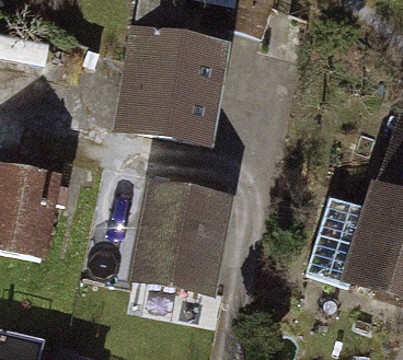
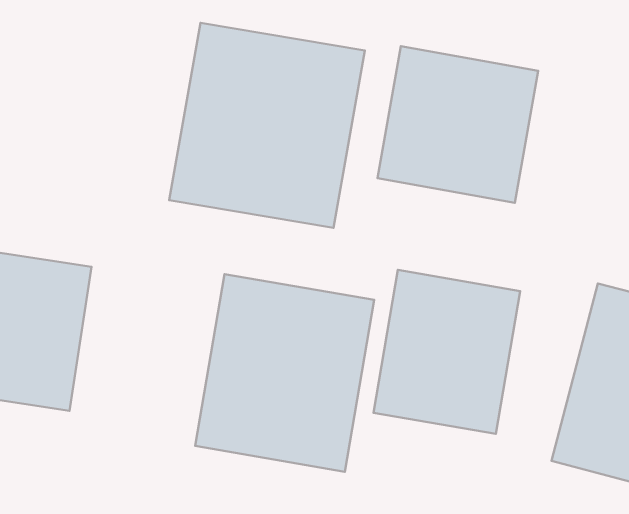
building: none -> [377,46,538,203]
building: none -> [373,270,520,434]

